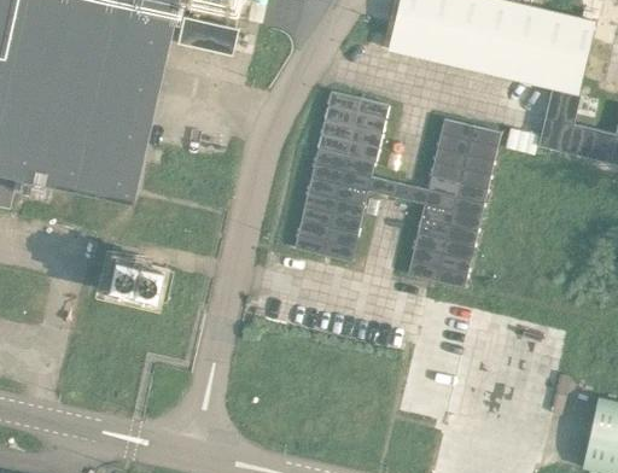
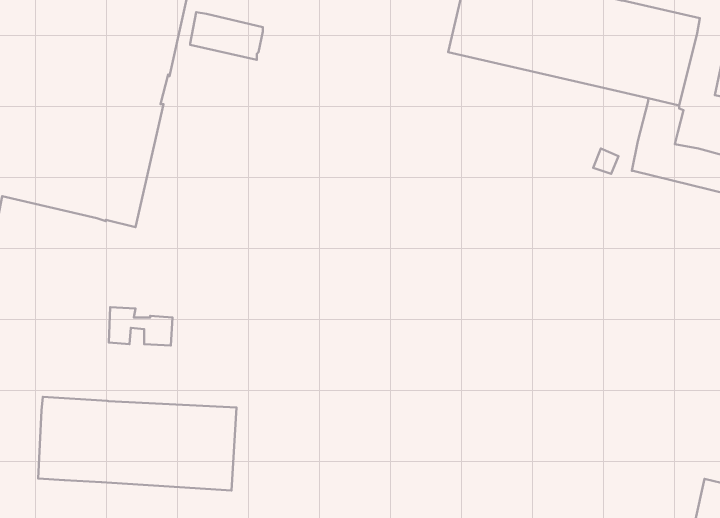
building: [295,93,500,290] -> none
building: none -> [38,397,237,491]

